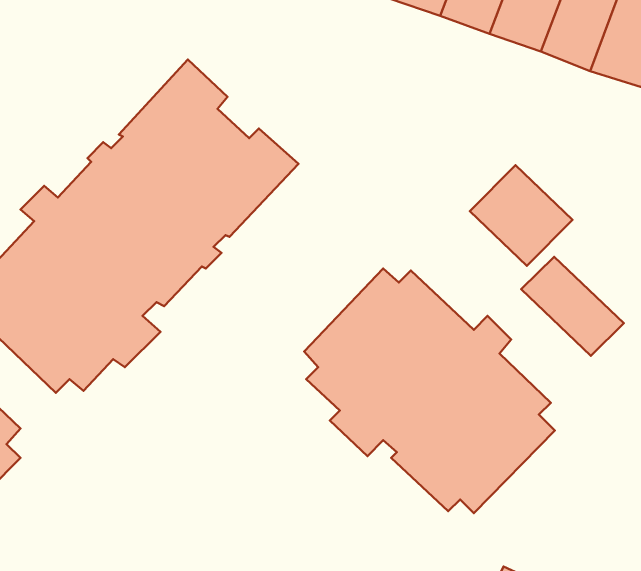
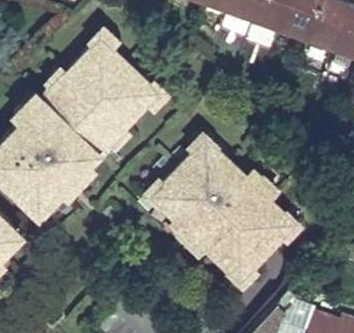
building: [470,165,573,266] -> none
building: [521,257,624,356] -> none

